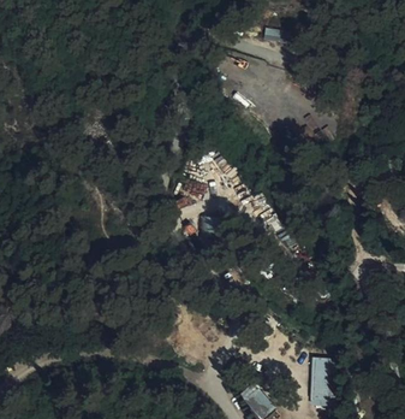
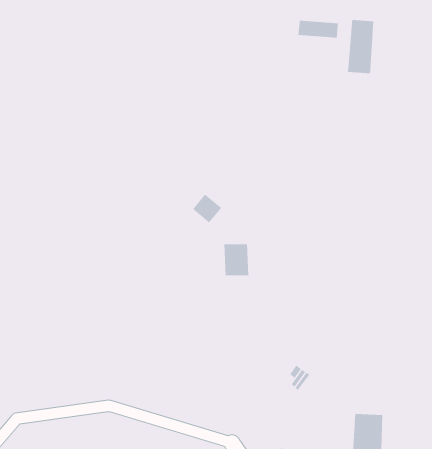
building: none -> [347,19,374,74]

